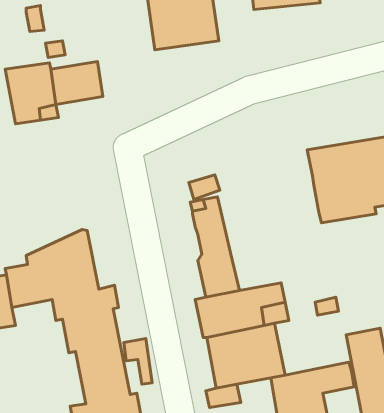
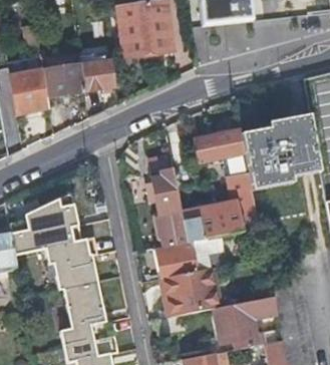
building: none -> [79,59,114,91]
building: none -> [191,129,245,161]
building: none -> [182,180,260,241]

